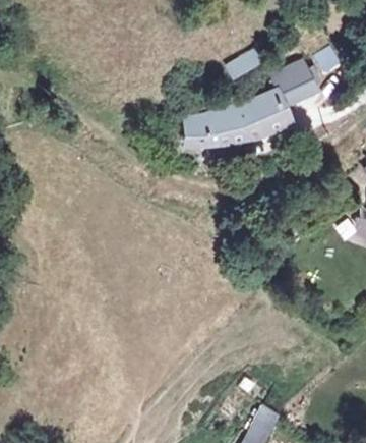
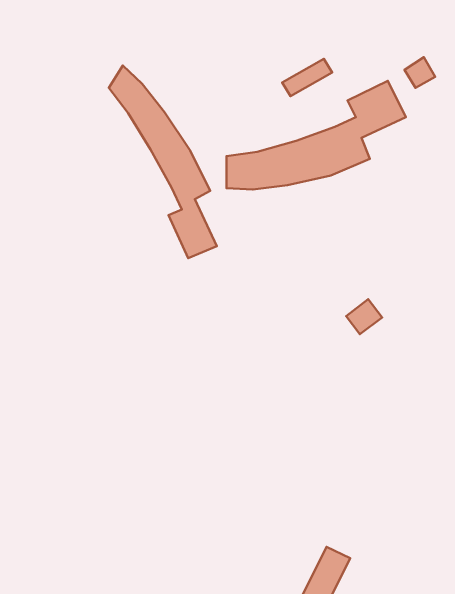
building: none -> [109,66,217,258]

